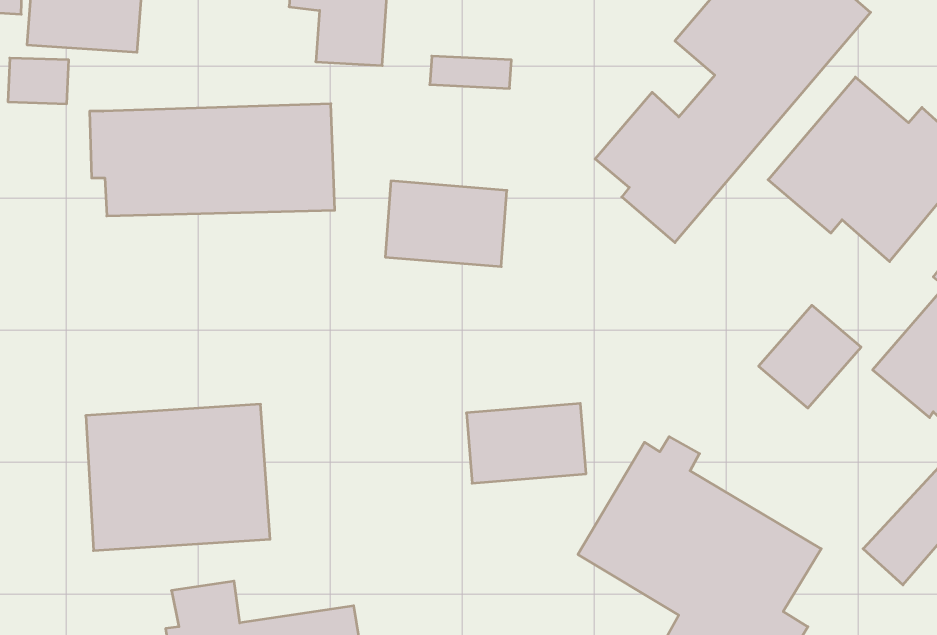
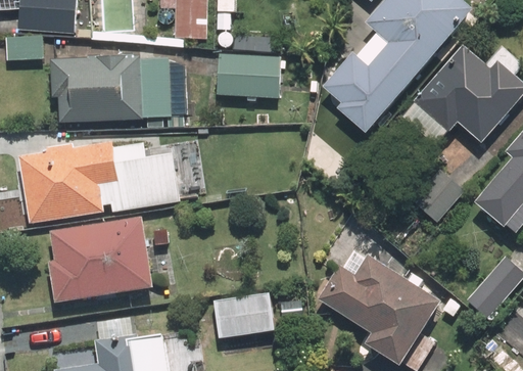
building: [385,181,507,267] -> [217,51,282,97]
building: none -> [20,140,177,219]
building: [466,403,586,483] -> [210,294,275,337]

